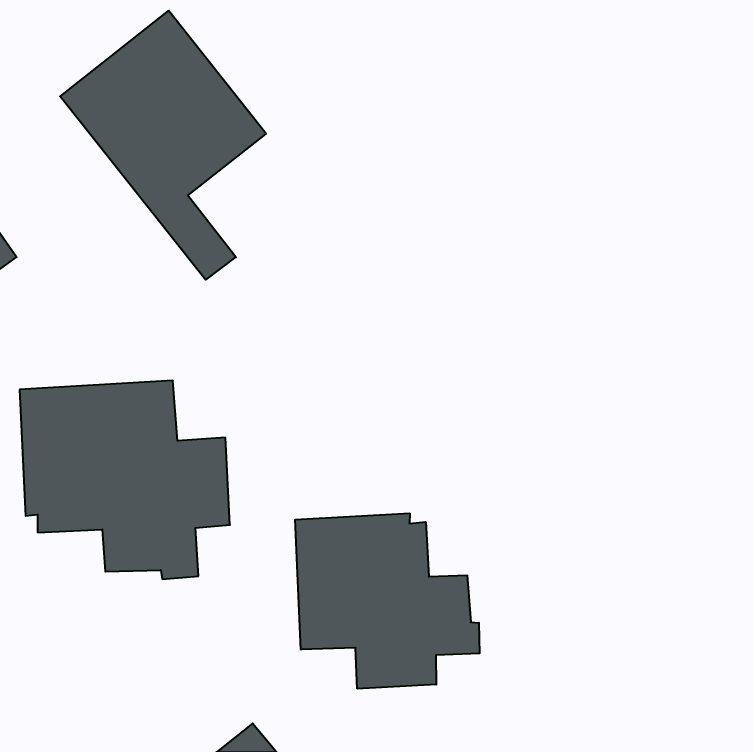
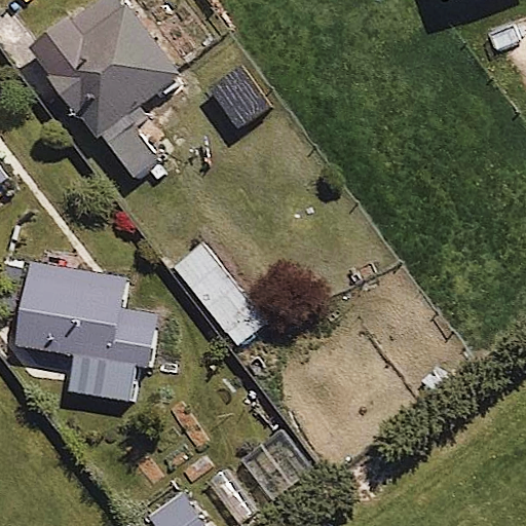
building: [295,513,480,689] -> none

